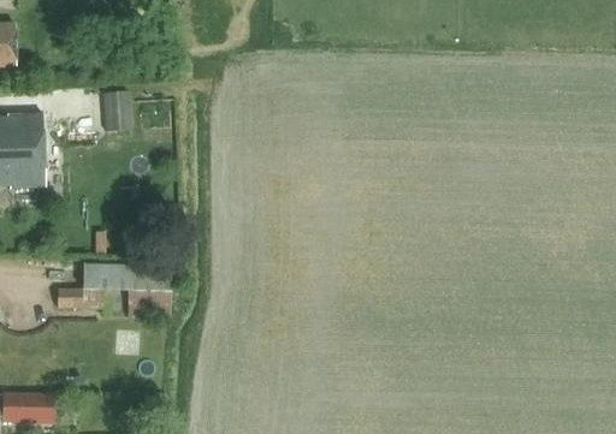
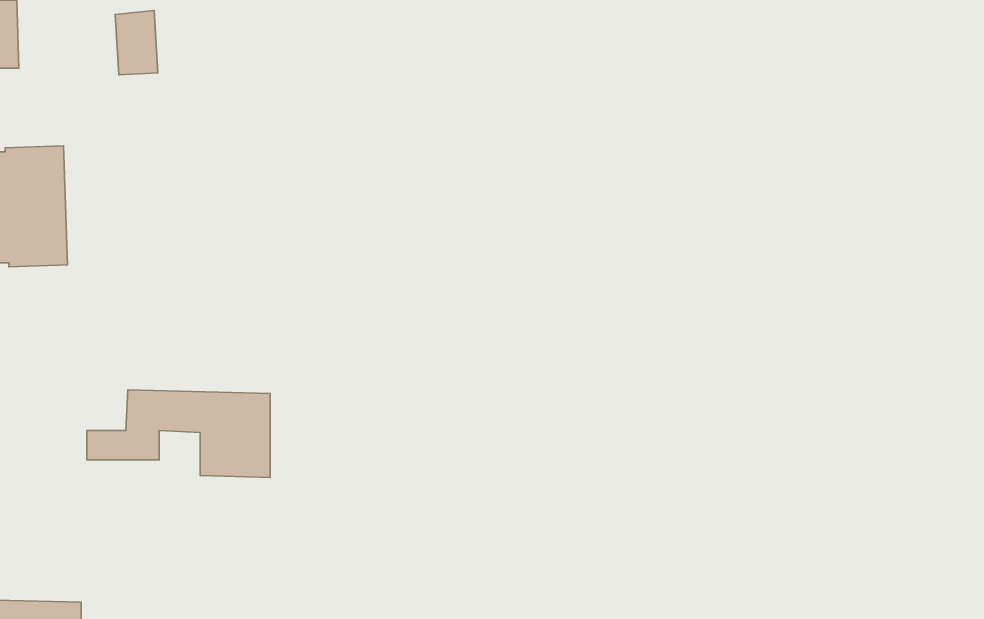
building: [103,90,130,130] -> [115,11,158,75]

